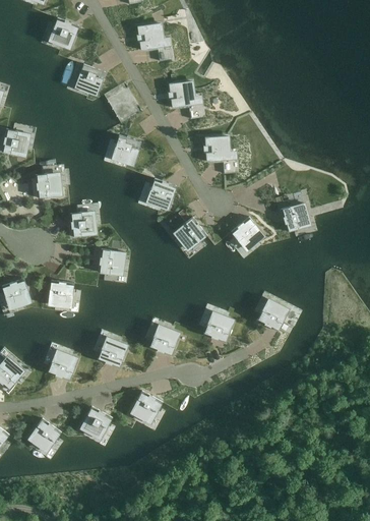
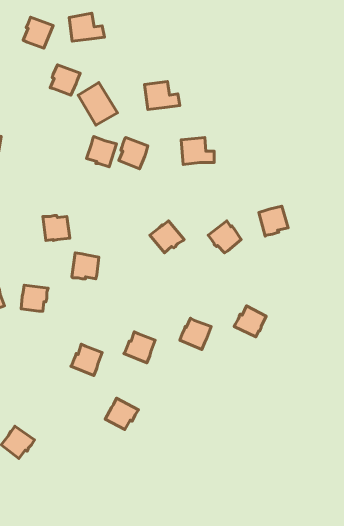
building: [136,23,171,51] -> [69,13,104,41]
building: [34,174,60,198] -> none
building: [146,179,175,210] -> [119,138,148,169]
building: [46,352,76,382] -> none
building: [79,407,111,438] -> none

